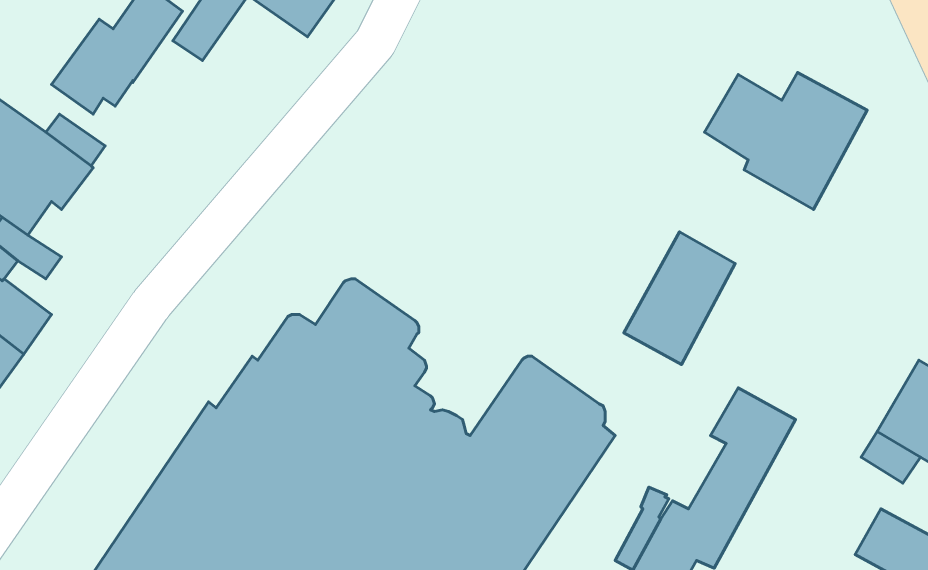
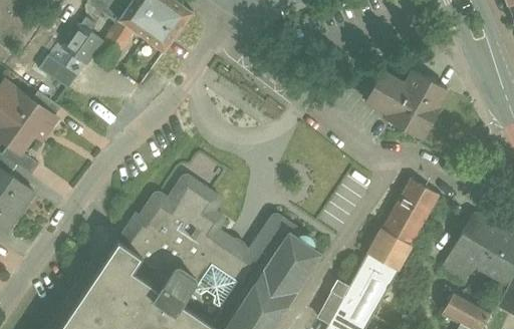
building: [624,232,735,365] -> [382,179,439,246]

